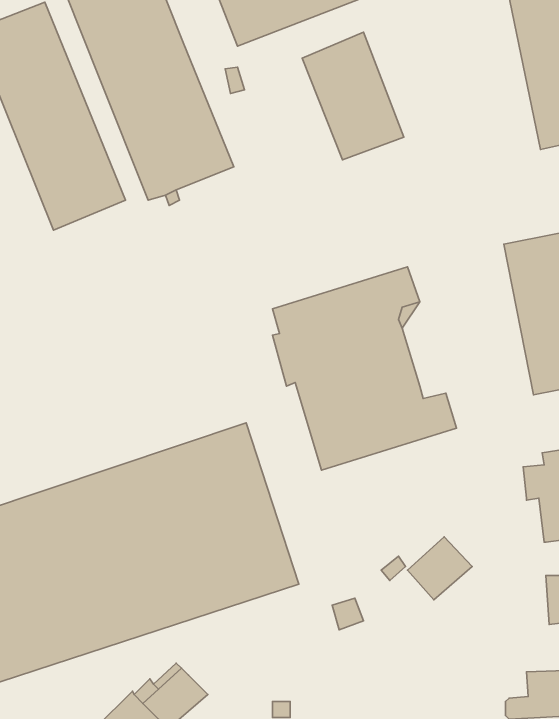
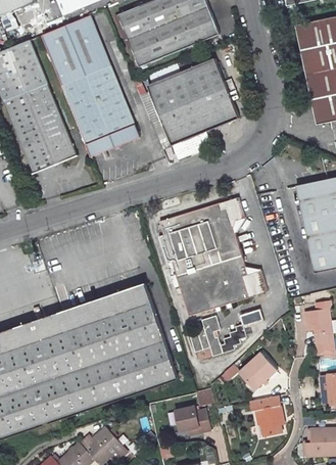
building: none -> [146,73,201,144]
building: none -> [189,307,266,354]
building: none -> [250,393,283,433]
building: none -> [175,406,209,431]

